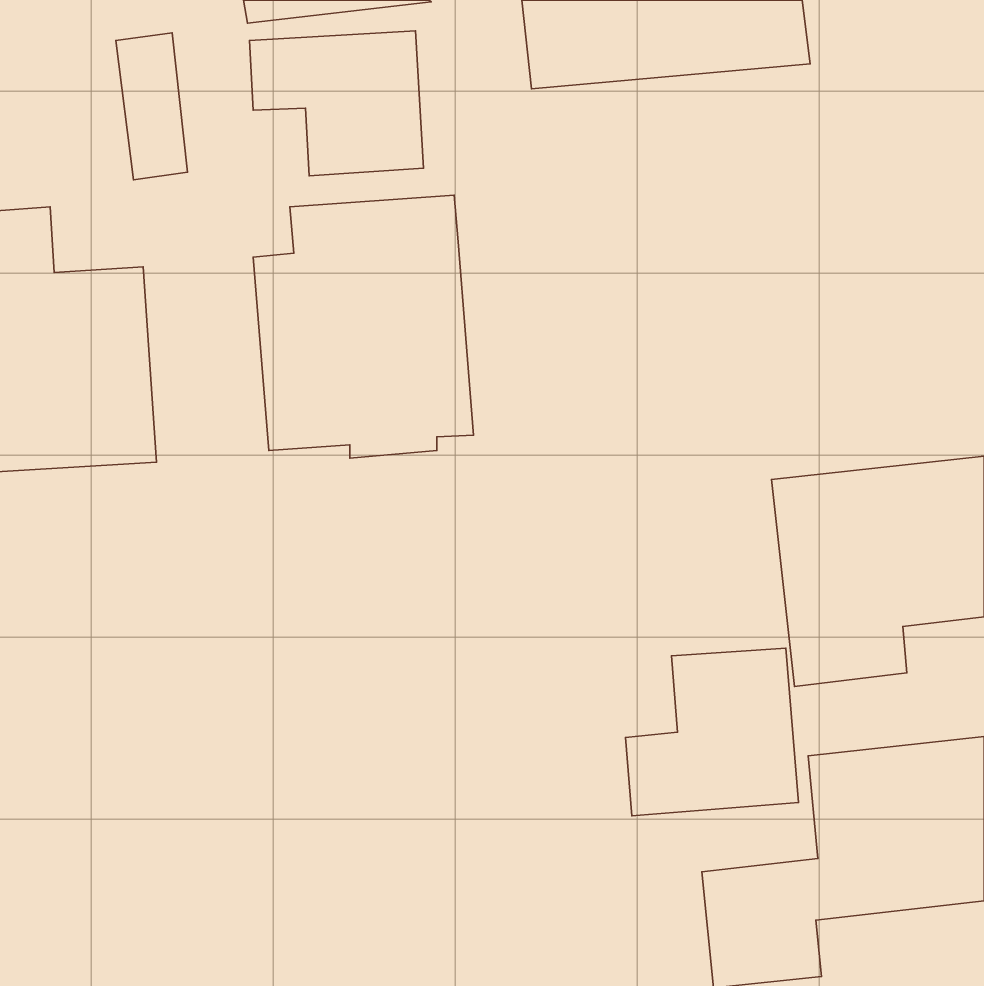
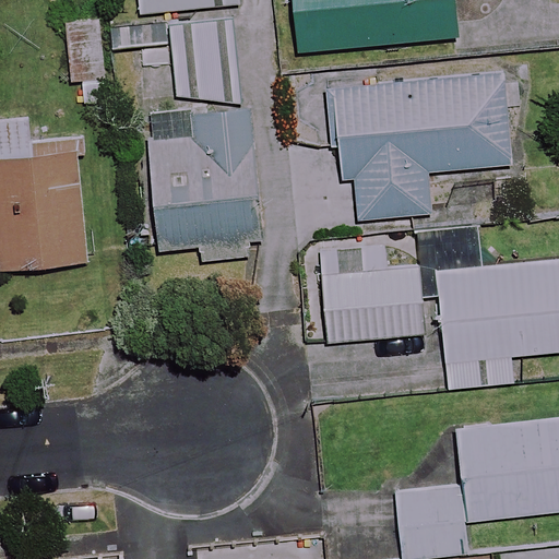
building: none -> [333,74,511,218]
building: none -> [318,239,423,341]
building: [625,648,798,816] -> none

